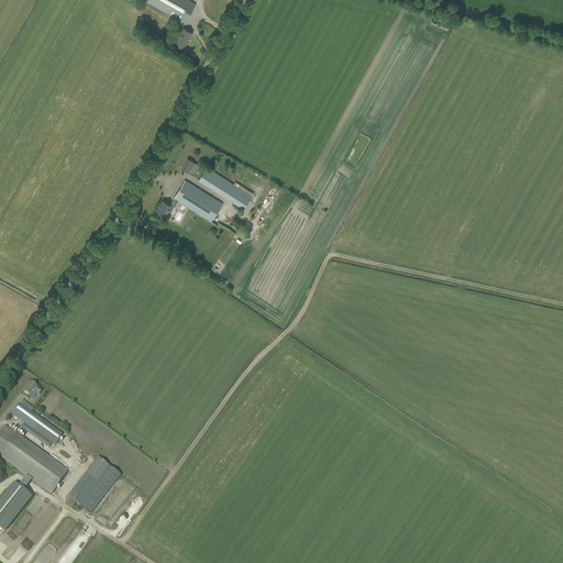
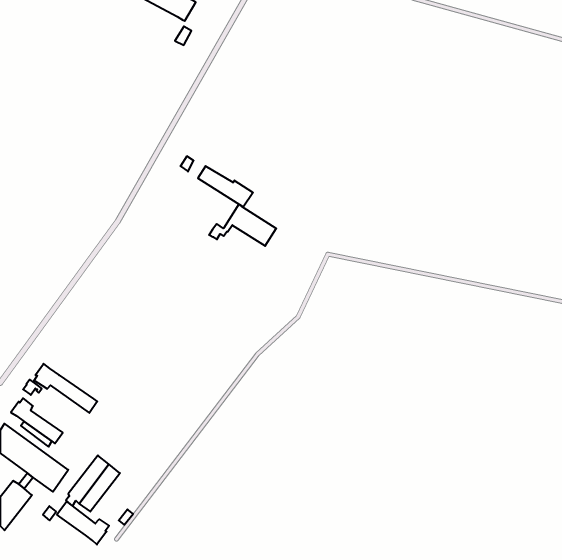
building: [155,178,222,220] -> [209,204,276,246]
building: none -> [34,364,97,413]
building: none -> [57,501,109,545]

